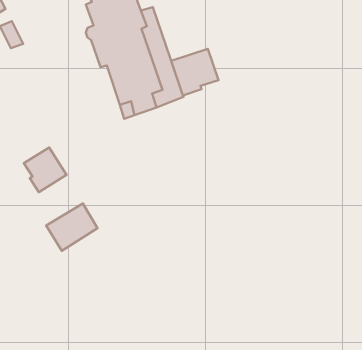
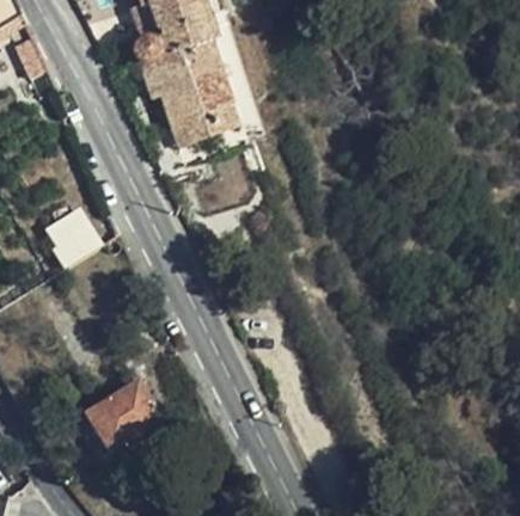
building: [171,49,219,96] -> none
building: [46,204,98,251] -> [85,383,155,448]

